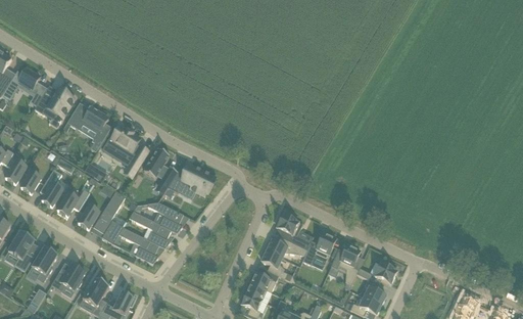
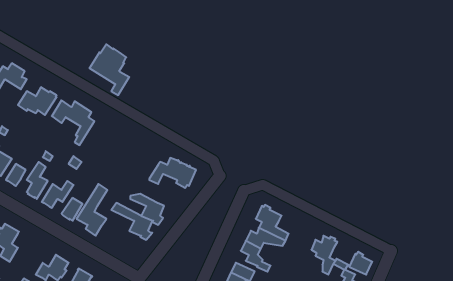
building: [102,125,143,177] -> [89,44,129,95]
building: [144,149,177,186] -> none
building: [118,227,159,264] -> none
building: [302,233,336,265] -> none
building: [32,246,57,282] -> none

